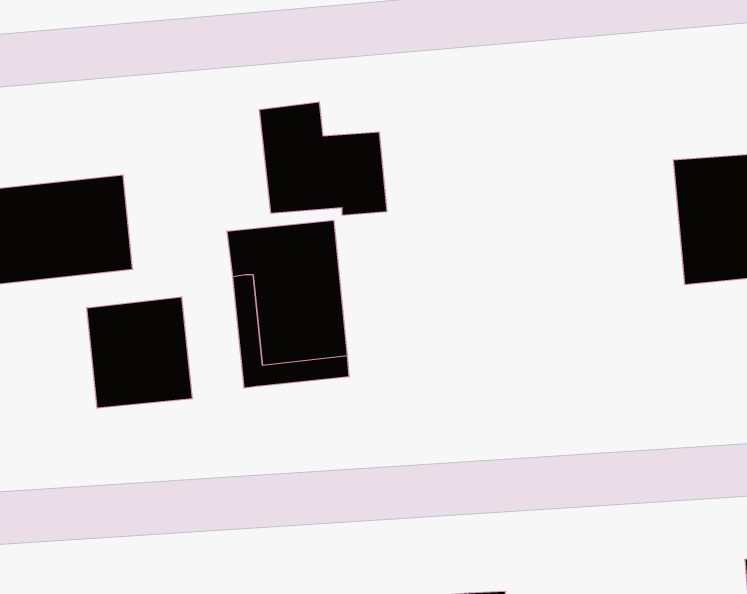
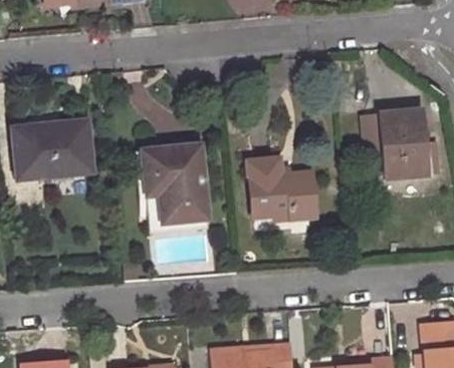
building: [259,102,387,215] -> [248,157,316,218]
building: [87,297,192,408] -> none

